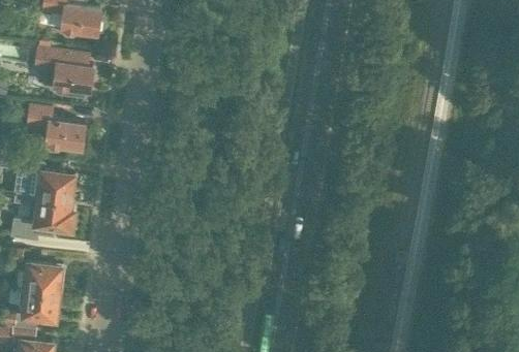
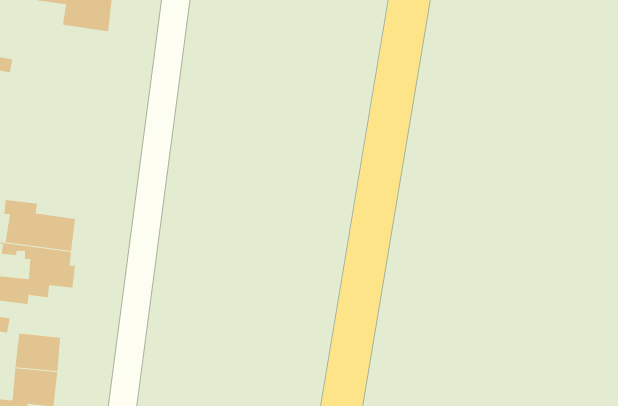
building: [35,47,93,98] -> none
building: [27,105,85,150] -> none

